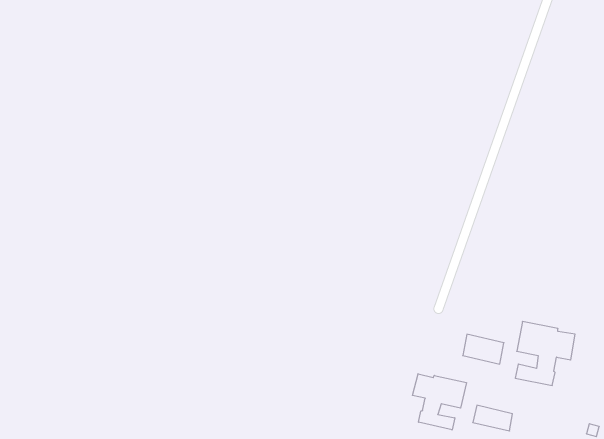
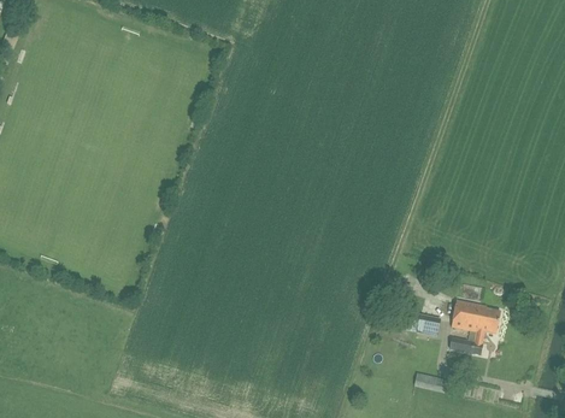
building: [412,374,466,430] -> none

